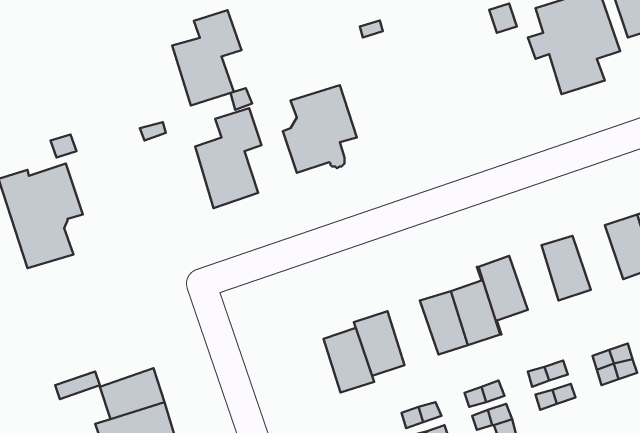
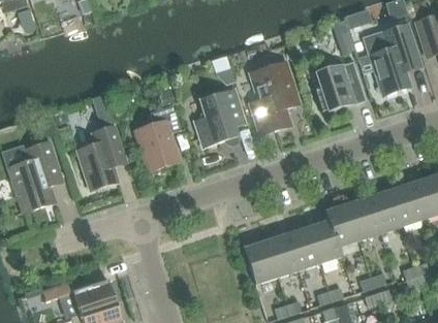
building: [172,10,242,106] -> [76,126,123,190]
building: none -> [313,60,366,112]
building: none -> [250,62,298,134]
building: none -> [388,183,423,226]
building: none -> [346,196,379,239]
building: [323,328,374,393] -> [264,233,299,277]

